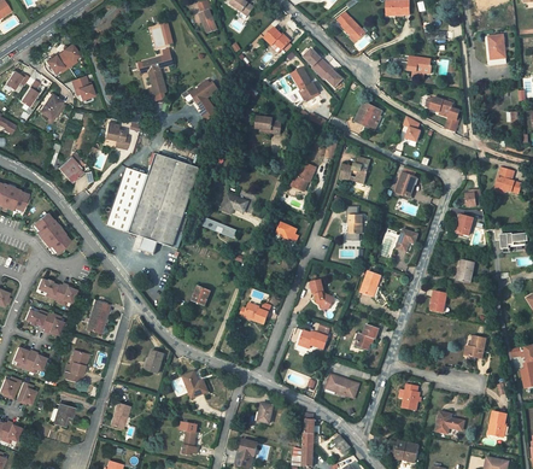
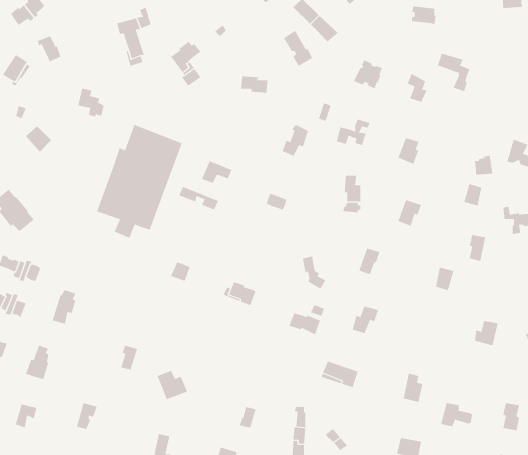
building: [109,175,146,238] -> none

